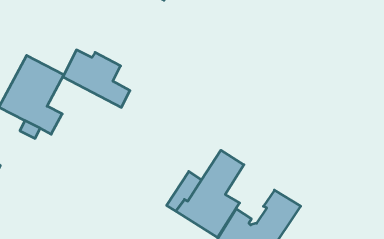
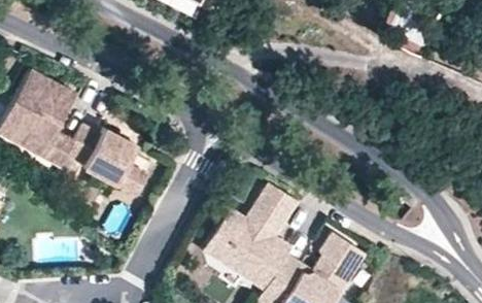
building: [63,50,130,107] -> [68,125,149,195]

